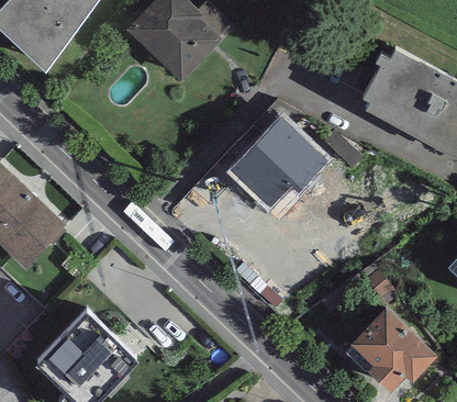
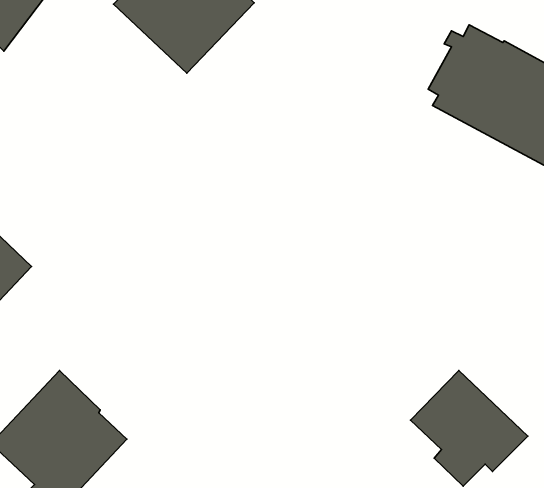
building: [236,118,319,206] -> none

